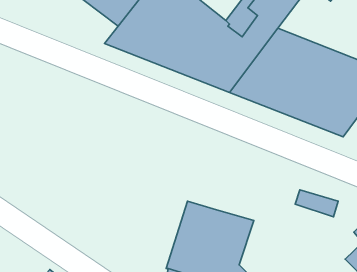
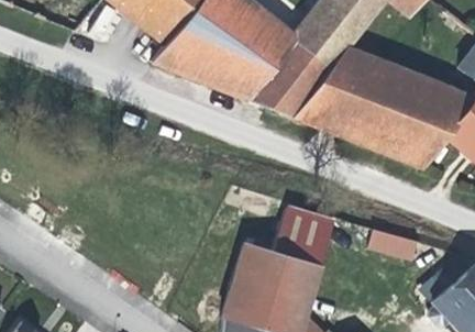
building: none -> [276,206,335,265]

